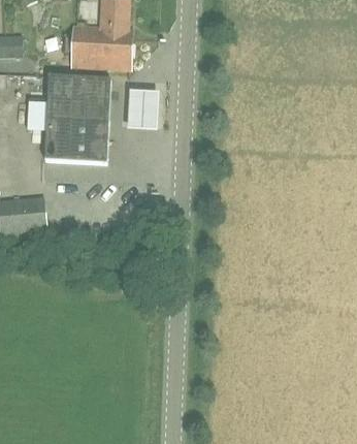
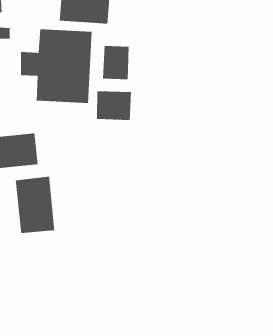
building: none -> [96,90,131,121]
building: none -> [15,176,55,234]

